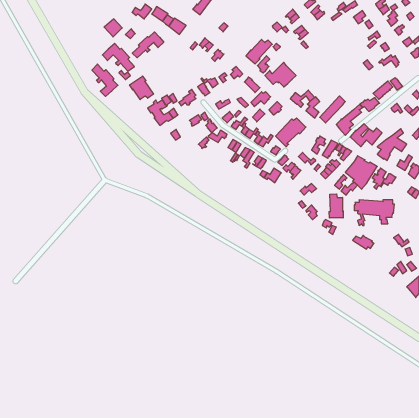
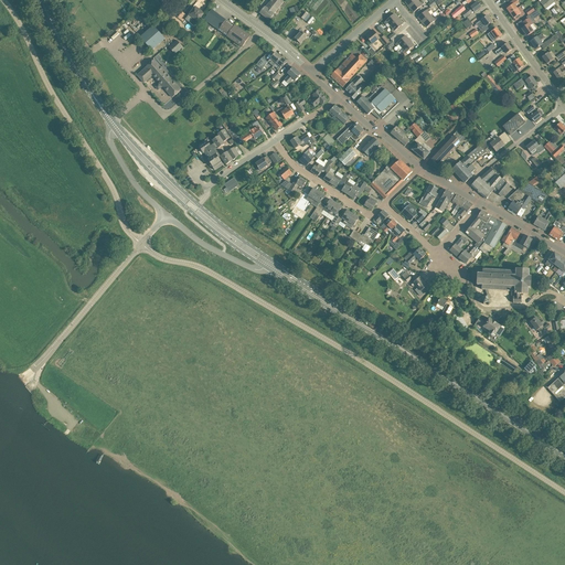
building: [132,32,164,58] -> none
building: [92,64,118,96] -> none
building: [130,76,154,100] -> none
building: [329,194,343,218] -> none

